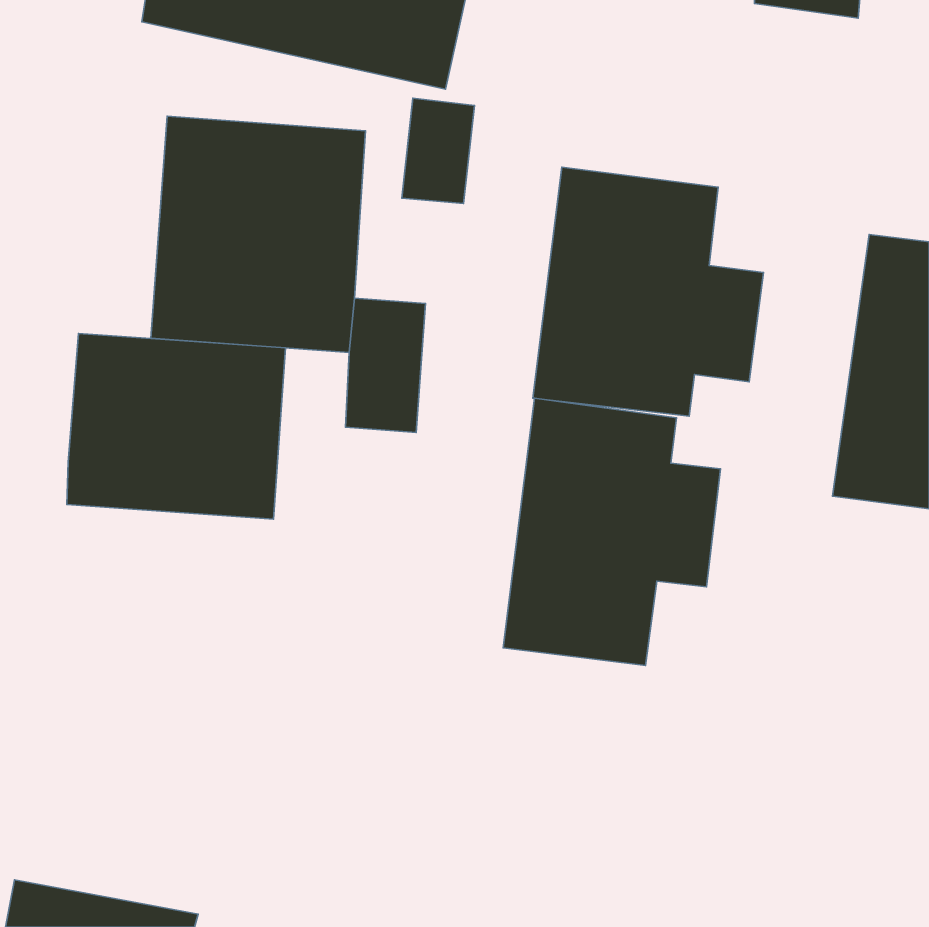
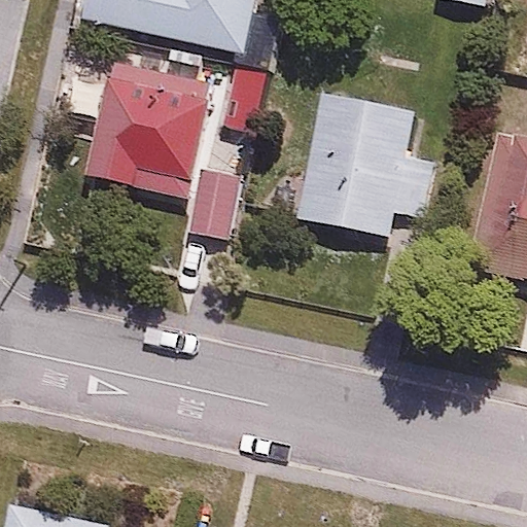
building: [67,333,285,519] -> none
building: [503,398,721,665] -> none

